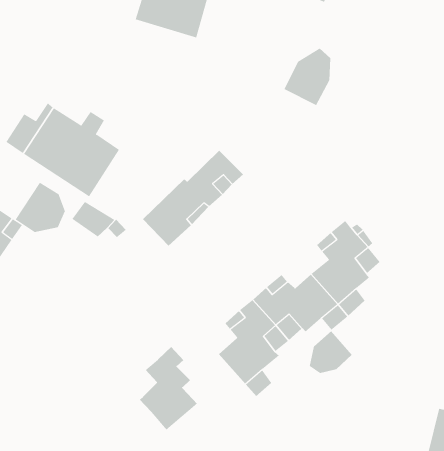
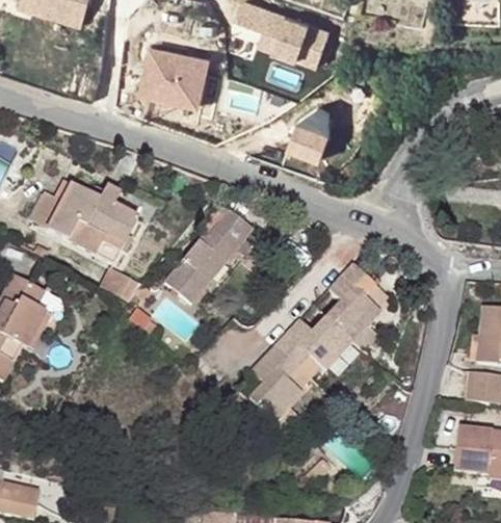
building: [15,182,66,233] -> none
building: [309,331,352,374] -> none
building: [139,346,198,430] -> none

